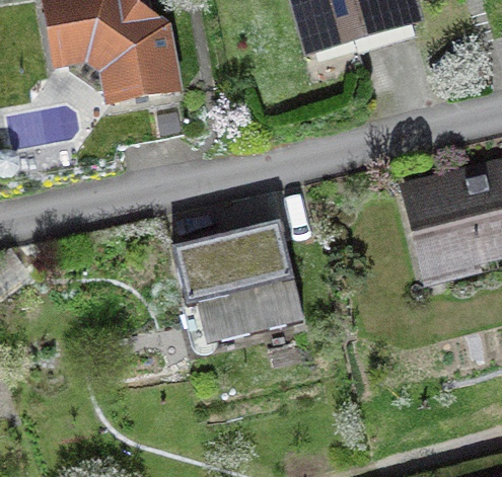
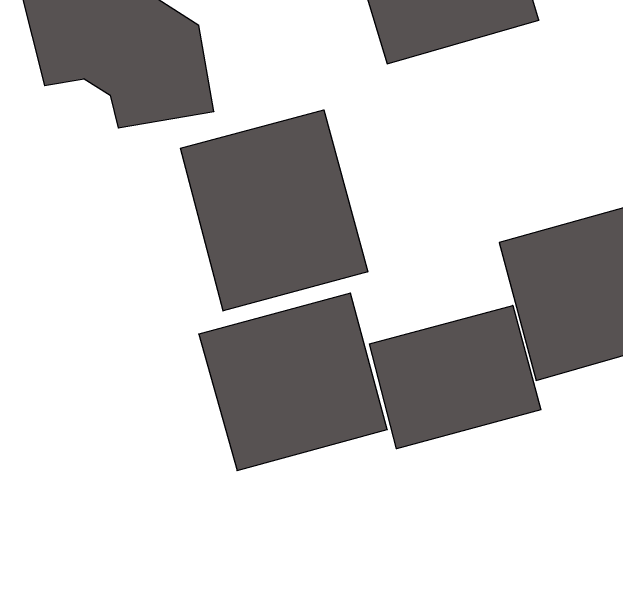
building: none -> [180,110,368,311]
building: none -> [369,305,541,449]

